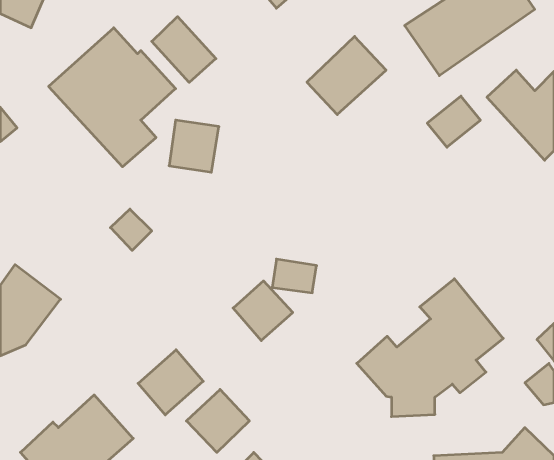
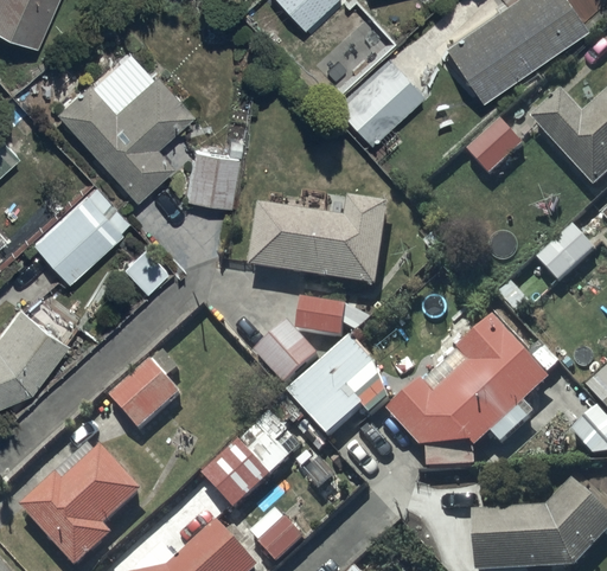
building: [152,17,216,82] -> none
building: none -> [31,180,130,278]
building: none -> [251,197,390,287]
building: none -> [524,223,596,282]
building: none -> [289,335,391,437]
building: [138,350,203,415] -> [111,359,183,430]

